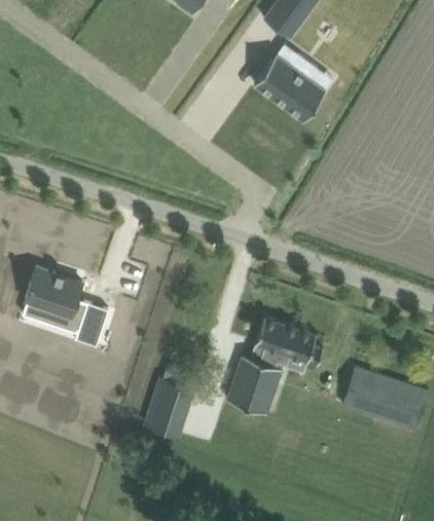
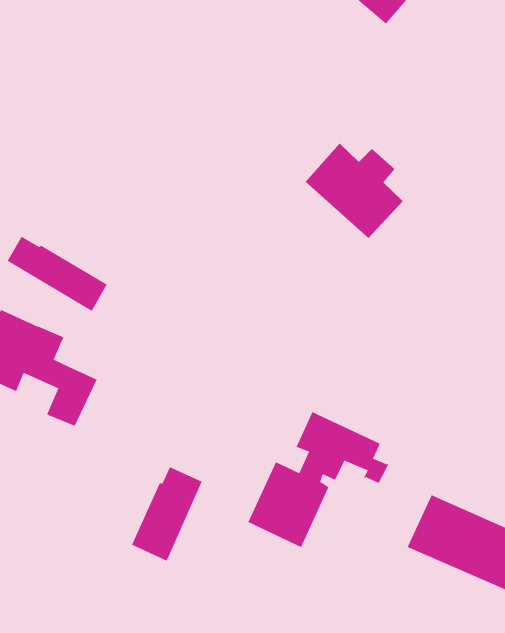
building: [254,54,326,120] -> [305,143,404,239]
building: none -> [7,236,108,312]

